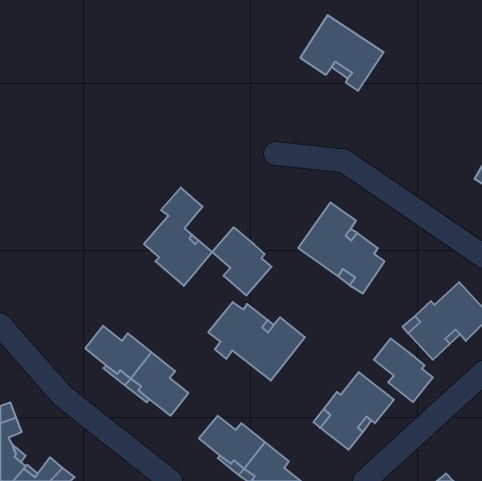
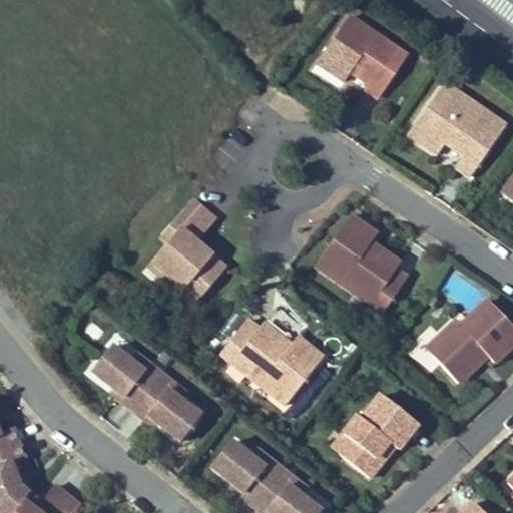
building: none -> [411,83,507,175]
building: [212,227,272,295] -> none
building: [374,338,433,402] -> none

